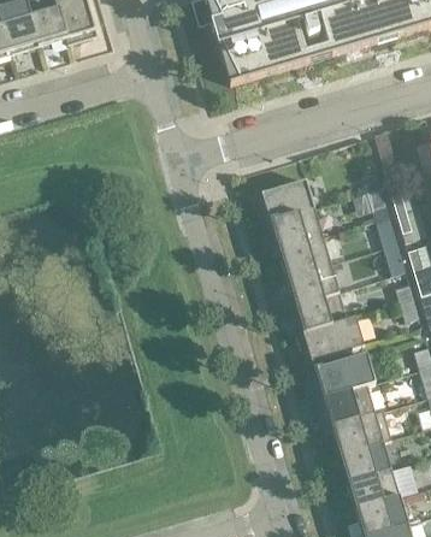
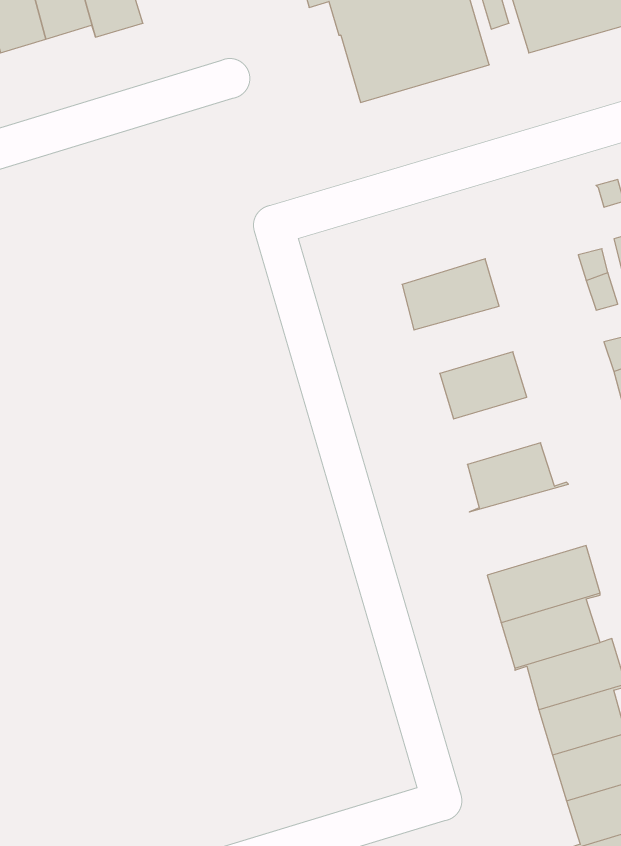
building: [261,205,321,246] -> none
building: [285,260,338,301] -> none
building: [295,313,364,360] -> none

